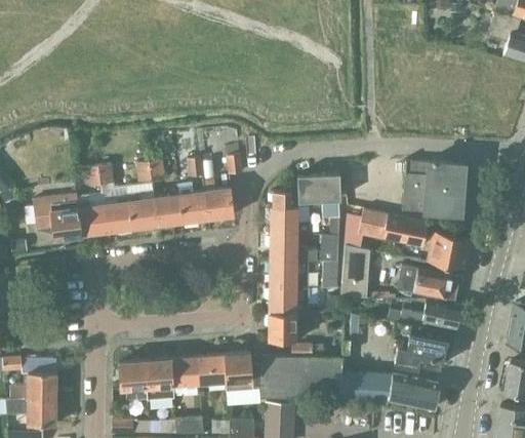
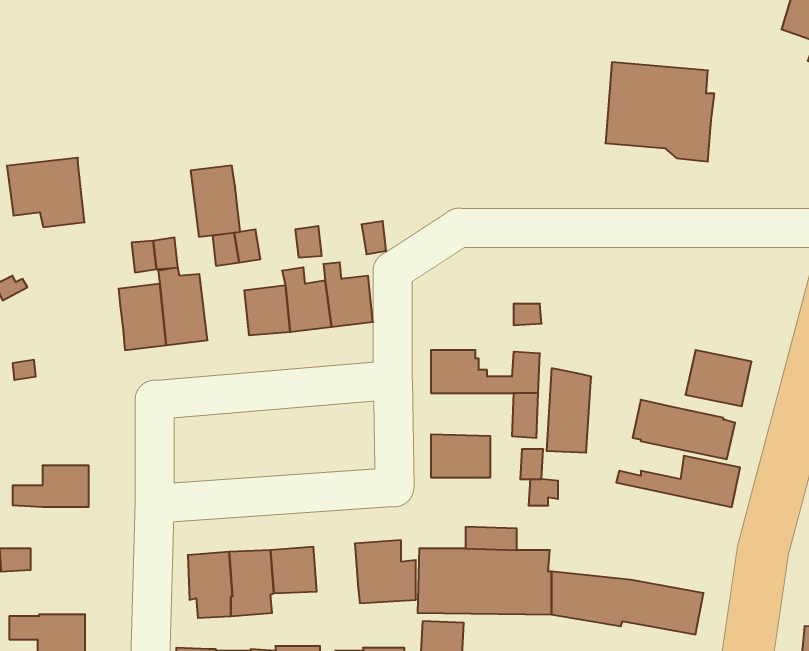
building: [402,160,470,222] -> [605,62,714,161]
building: [298,174,341,203] -> none
building: [127,184,158,228] -> [191,166,240,237]
building: [271,191,309,234] -> none
building: [33,194,81,237] -> [7,158,85,227]
building: [346,209,429,248] -> none
building: [271,261,308,287] -> none
building: [270,313,307,341] -> none
building: [393,324,450,369] -> none
building: [198,354,226,384] -> none
building: [9,372,56,398] -> [13,466,89,507]

